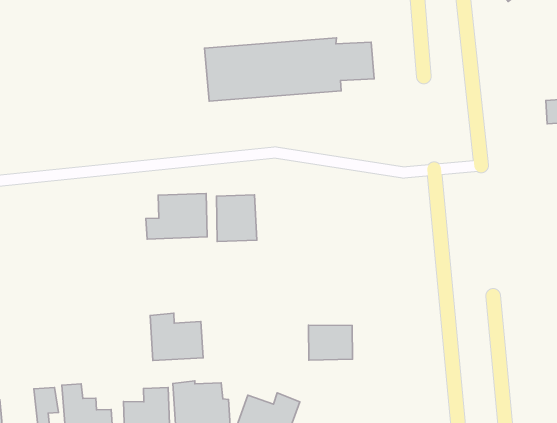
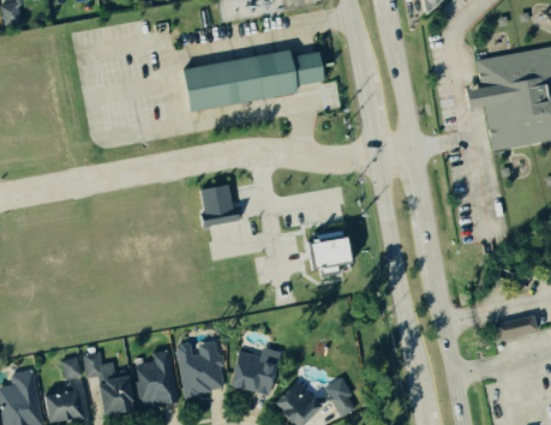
building: [146,194,207,239] -> none
building: [150,313,203,360] -> none
building: [309,325,353,360] -> [309,235,347,267]

